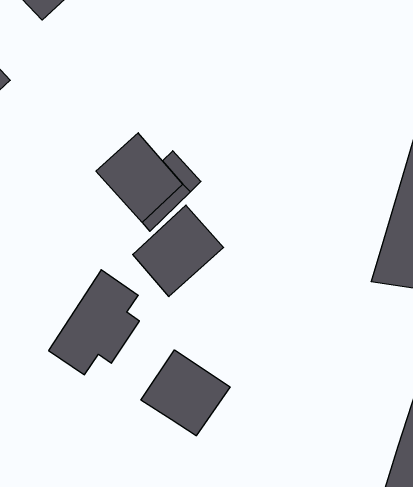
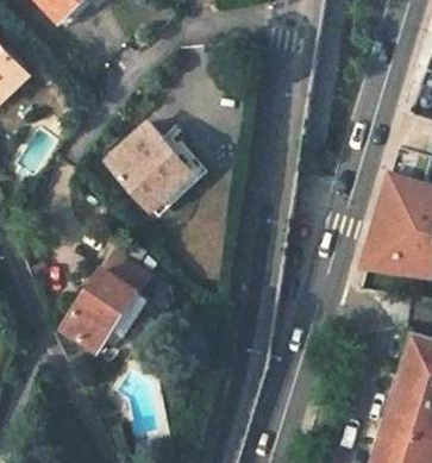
building: [133,205,224,297] -> none
building: [141,350,230,436] -> none

